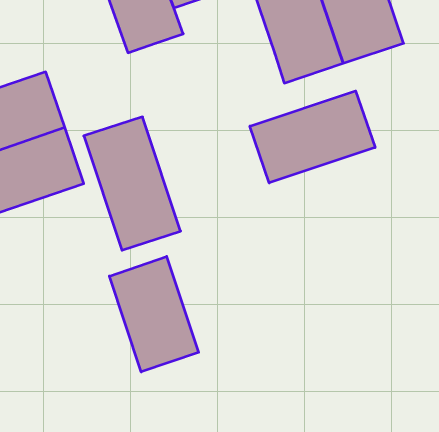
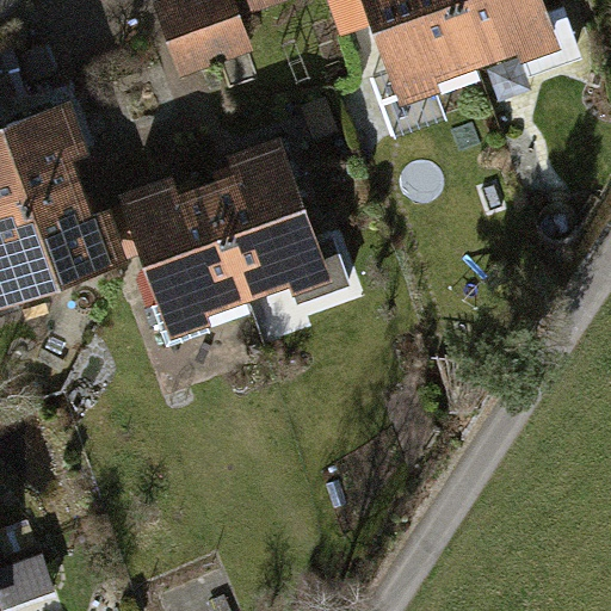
building: [250,91,375,183] -> none
building: none -> [197,134,333,319]
building: [109,256,199,372] -> none

